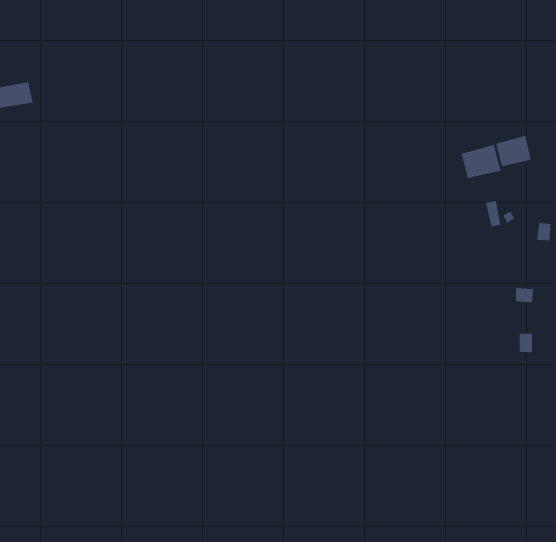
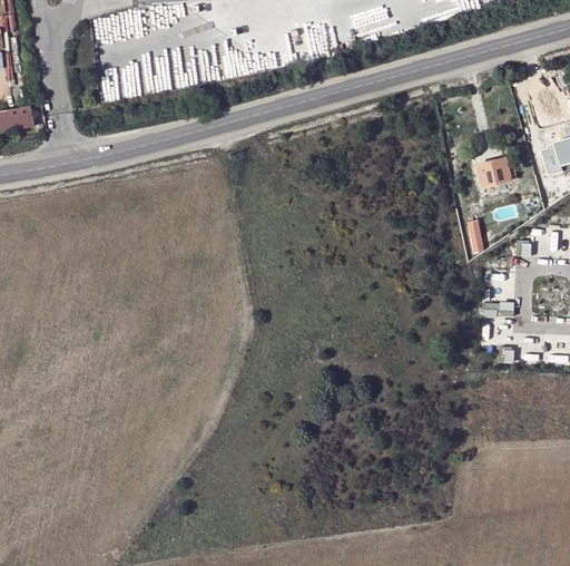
building: [461,144,501,179] -> none

